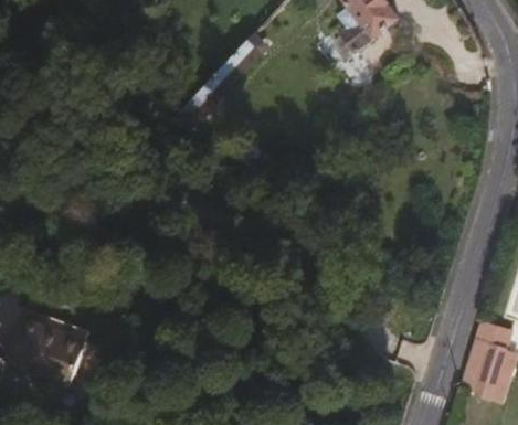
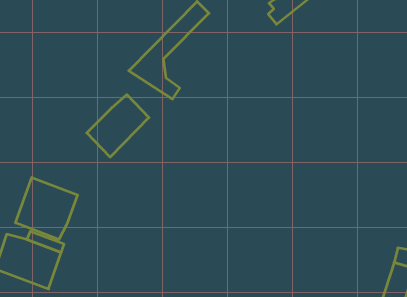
building: none -> [87,95,149,157]
building: none -> [16,177,78,240]

